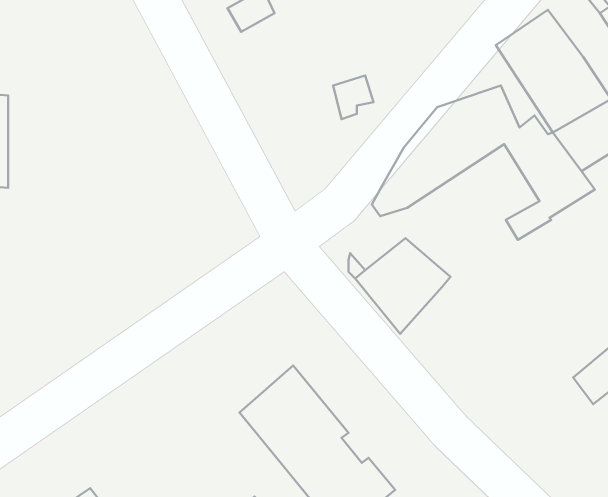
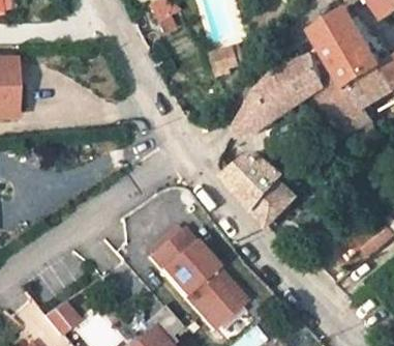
building: none -> [252,179,295,224]

